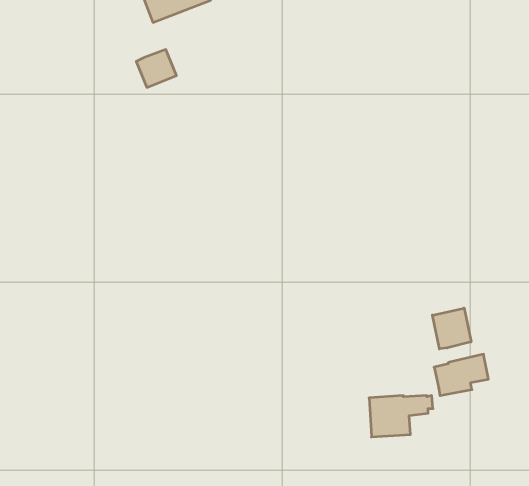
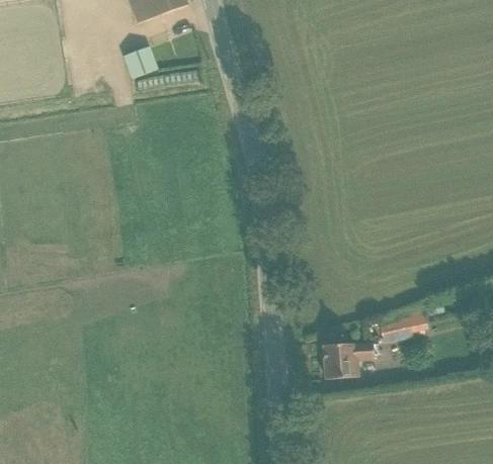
building: [432,308,471,349] -> none

